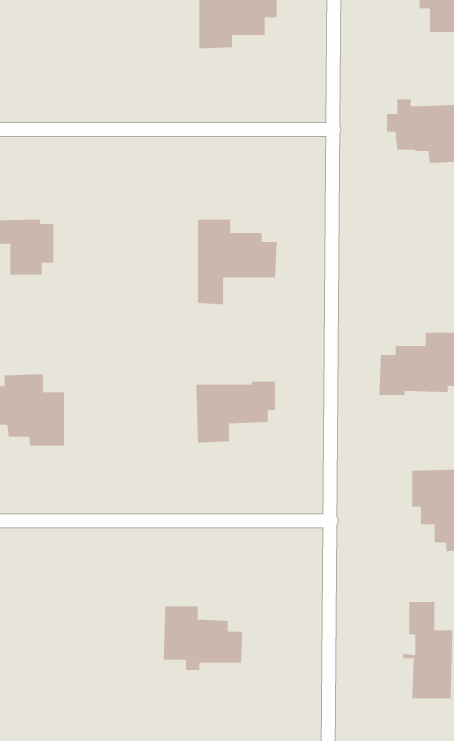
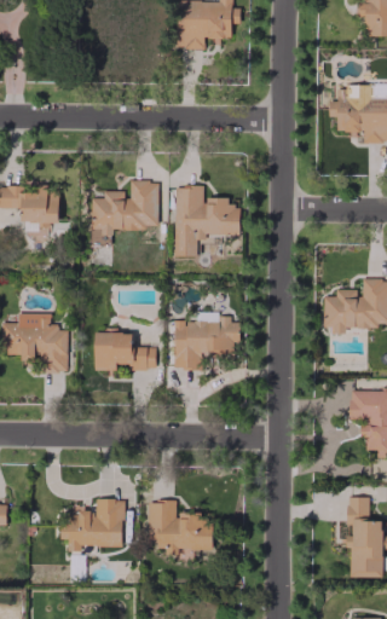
building: none -> [91,180,158,243]
building: none -> [94,331,156,370]
building: none -> [59,498,123,551]

